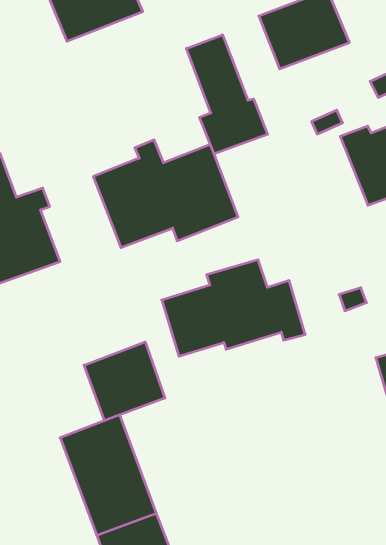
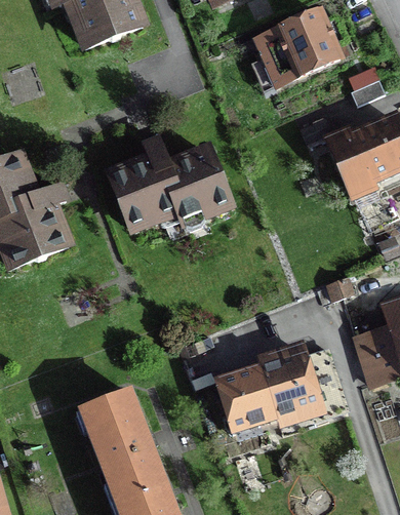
building: [186,35,268,154] -> none
building: [162,260,305,356] -> [215,346,344,432]
building: [84,342,165,421] -> none

